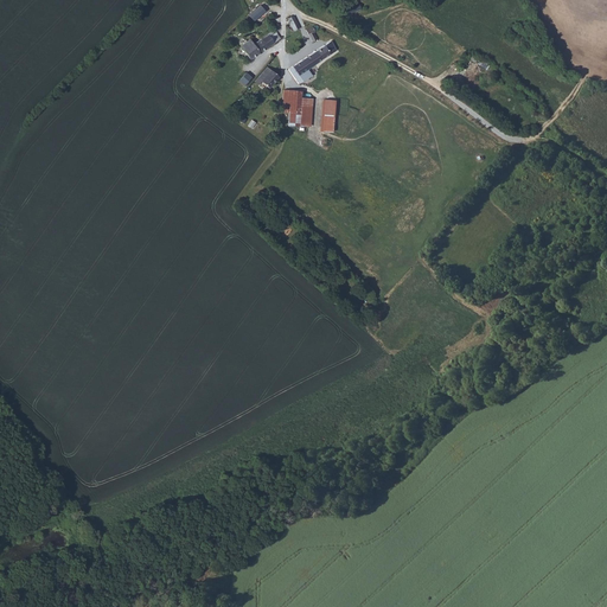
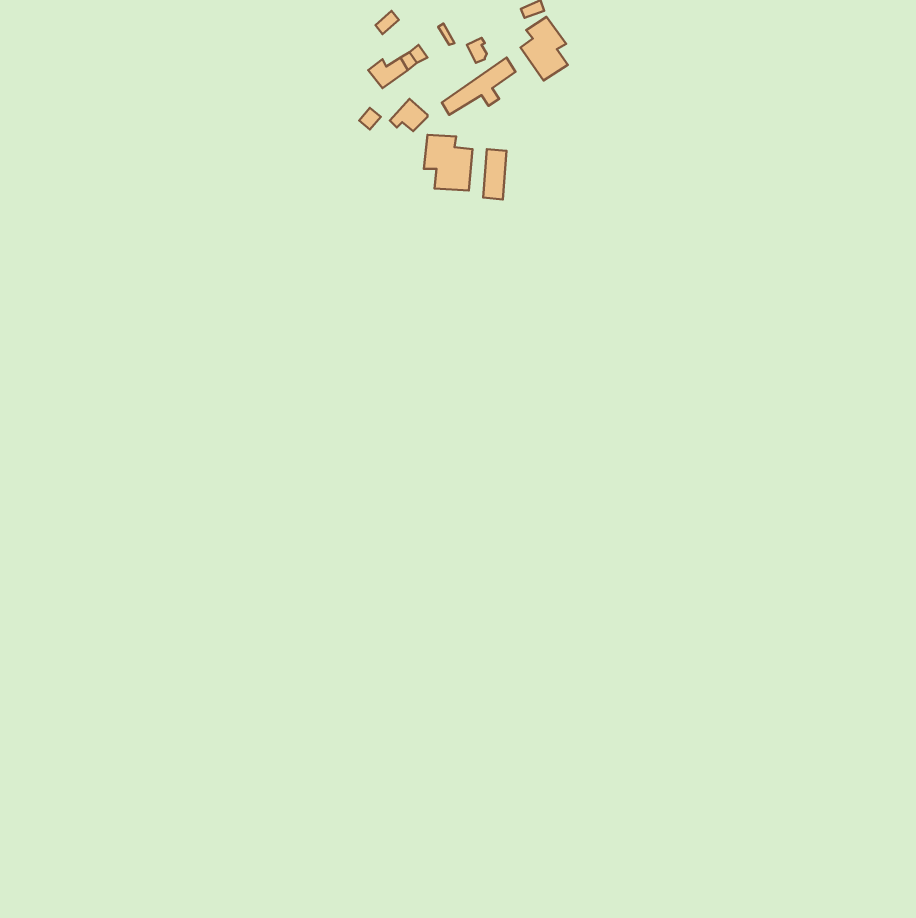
building: none -> [520,17,568,80]

